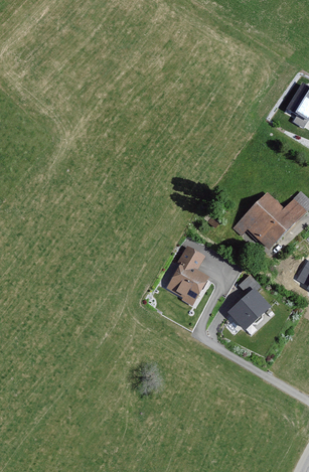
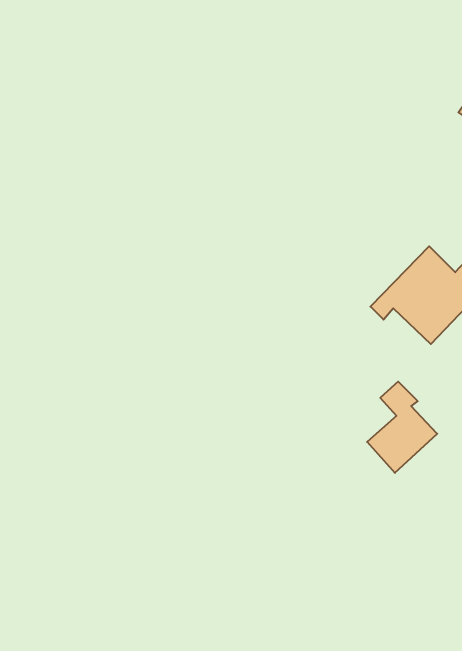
building: [164,246,209,306] -> none

